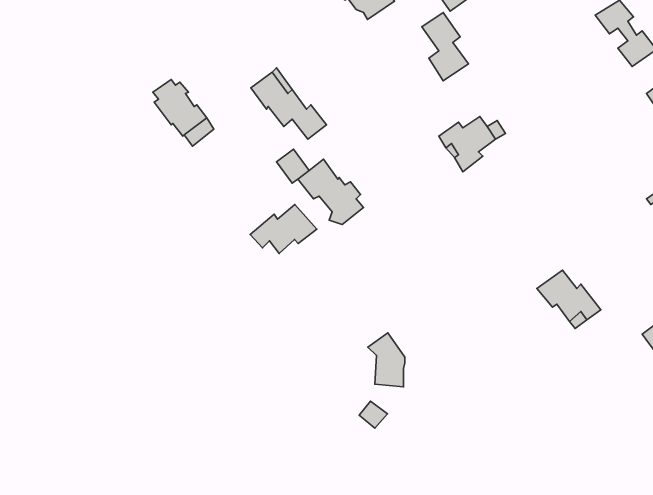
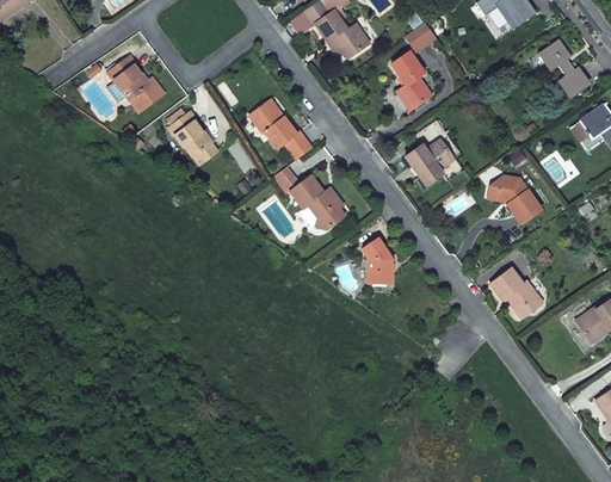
building: none -> [107,56,165,111]
building: none -> [488,179,543,223]
building: [250,205,317,253] -> none
building: [368,333,405,387] -> [360,240,391,285]

